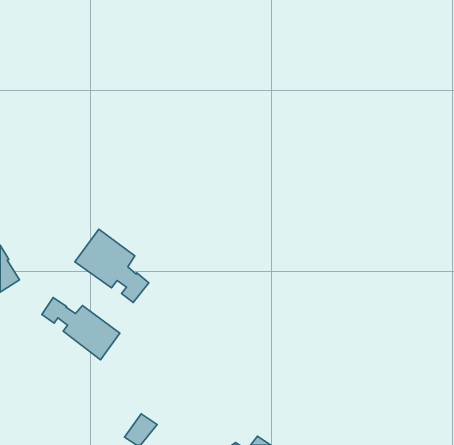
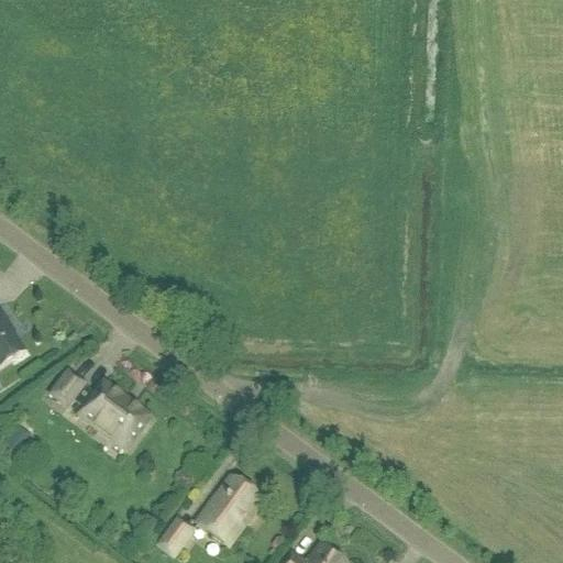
building: [75,229,149,302] -> none
building: none -> [197,474,260,540]

